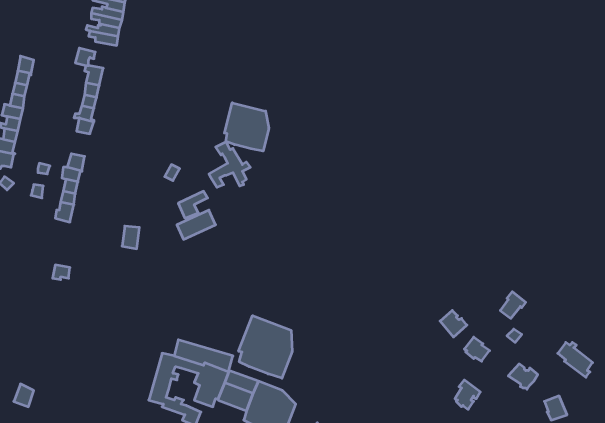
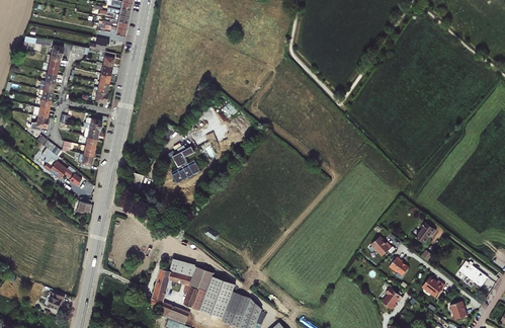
building: [224,103,269,151] -> none
building: none -> [41,149,79,184]
building: [239,316,292,378] -> none

